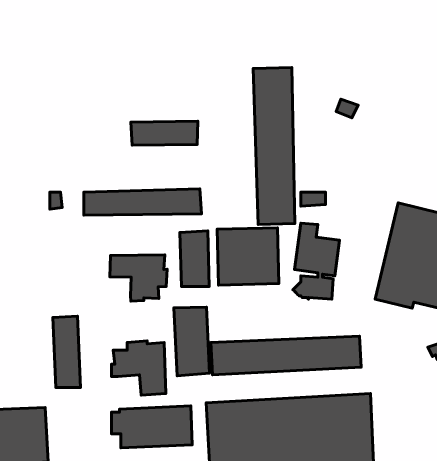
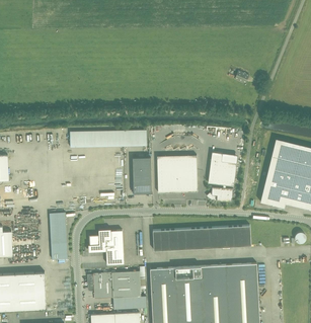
building: [253,67,295,225] -> none
building: [131,121,198,145] -> none
building: [110,255,167,301] -> none
building: [174,307,209,376] -> none

